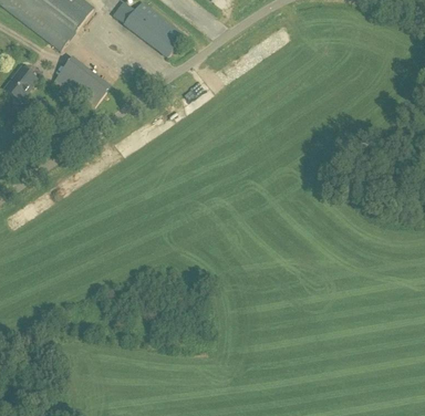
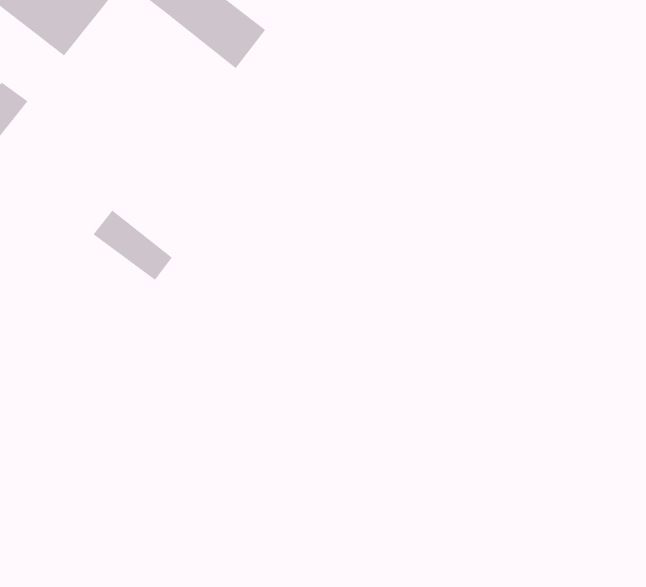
building: [54,61,104,105] -> [92,209,173,281]

